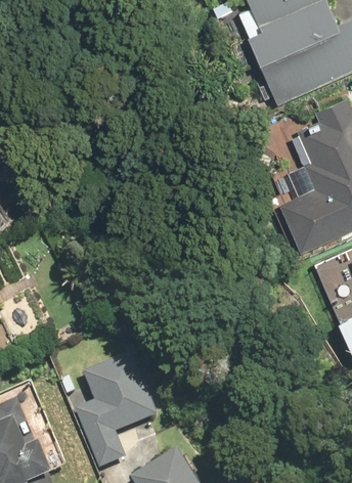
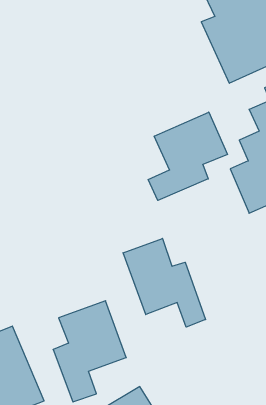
building: none -> [148,112,227,200]
building: none -> [123,238,206,327]

